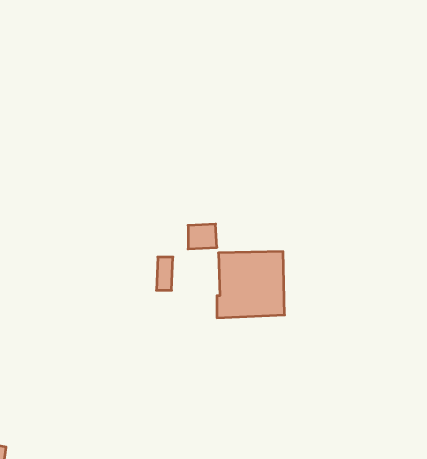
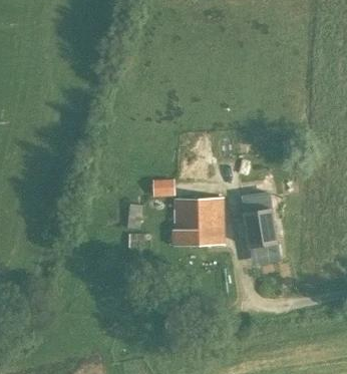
building: none -> [243,194,277,256]

